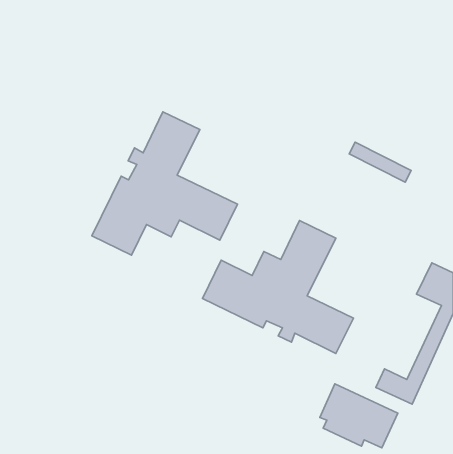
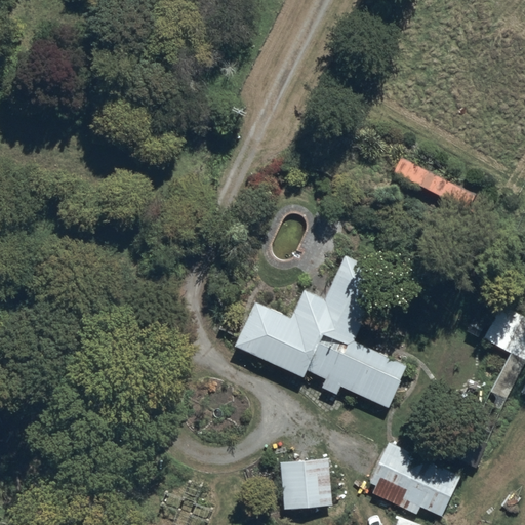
building: [92,112,237,255] -> none
building: none -> [280,458,332,511]

